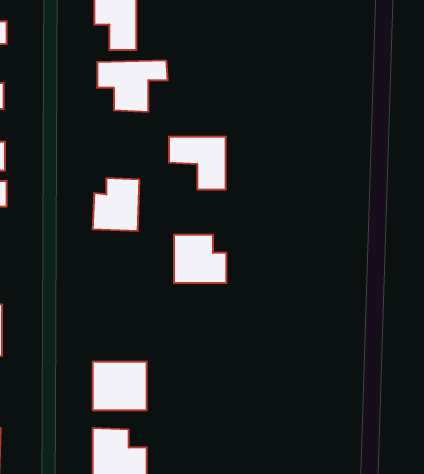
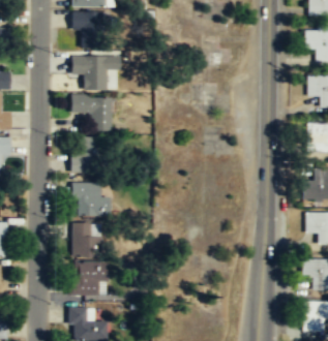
building: [169,137,226,189] -> [71,94,111,130]
building: [174,235,227,283] -> [73,182,110,215]
building: none -> [73,222,105,256]

